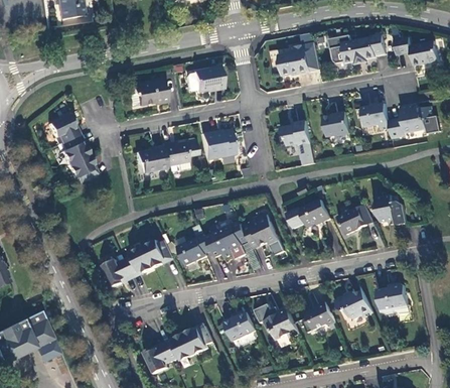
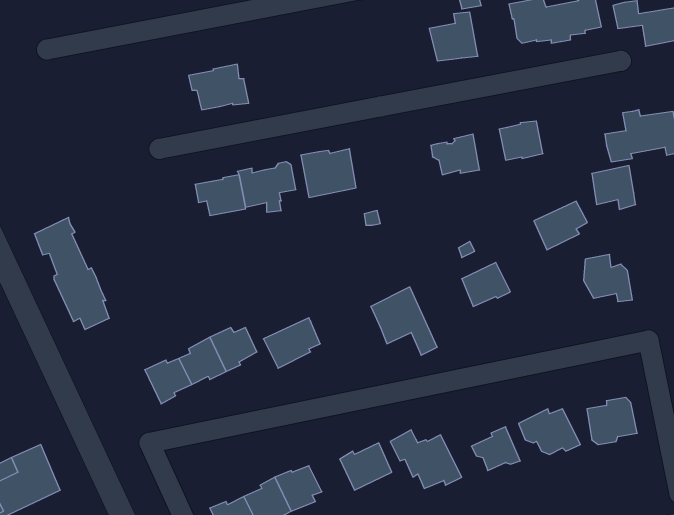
building: [185,66,222,92] -> none
building: [361,103,389,130] -> [592,166,636,209]
building: [48,115,95,184] -> [34,217,109,330]
building: [337,204,370,234] -> [534,201,587,250]
building: [205,221,249,258] -> none

